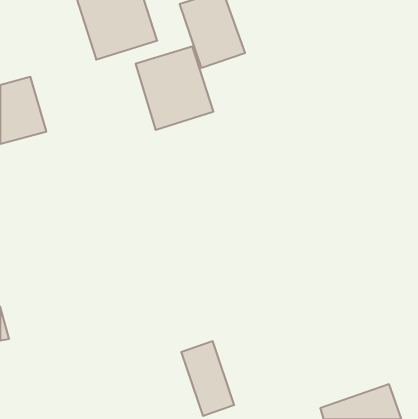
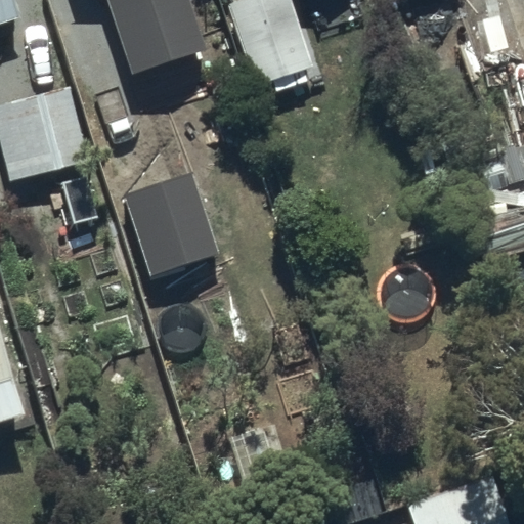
building: [136,46,213,130] -> [133,172,229,275]

